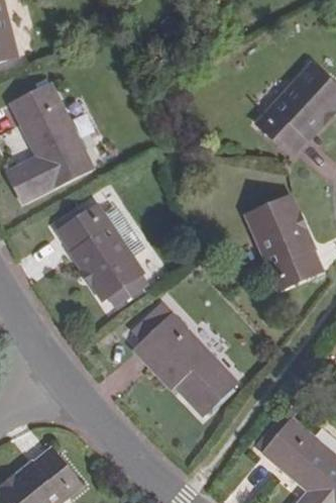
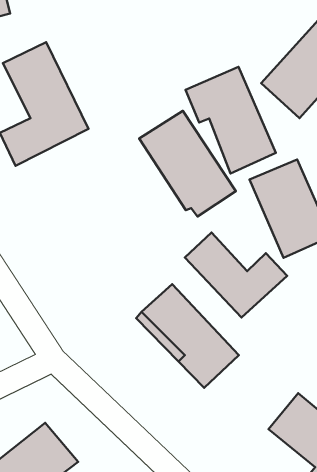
building: none -> [186,67,276,173]
building: [57,204,148,305] -> [139,111,236,217]
building: none -> [185,232,287,317]

